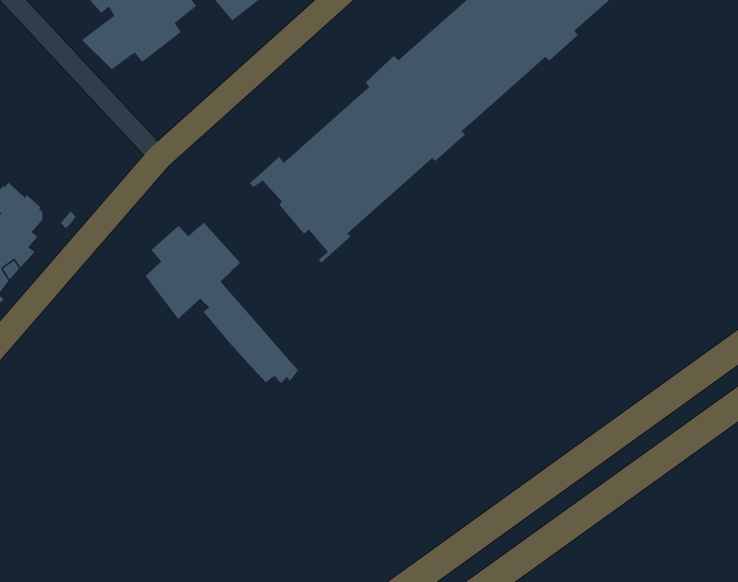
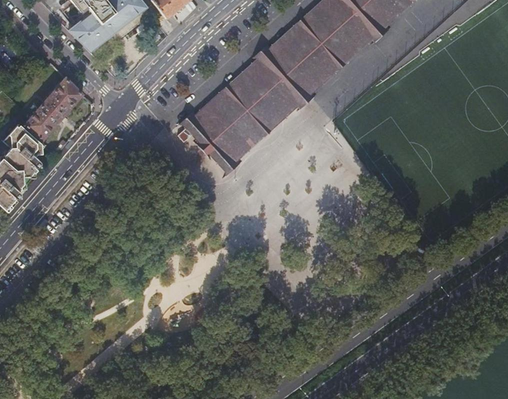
building: none -> [24,76,82,140]
building: [145,222,299,384] -> none

